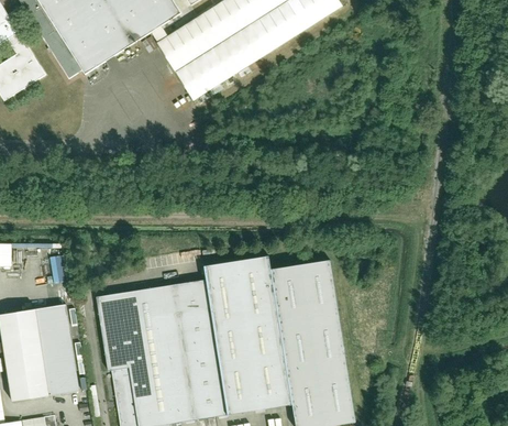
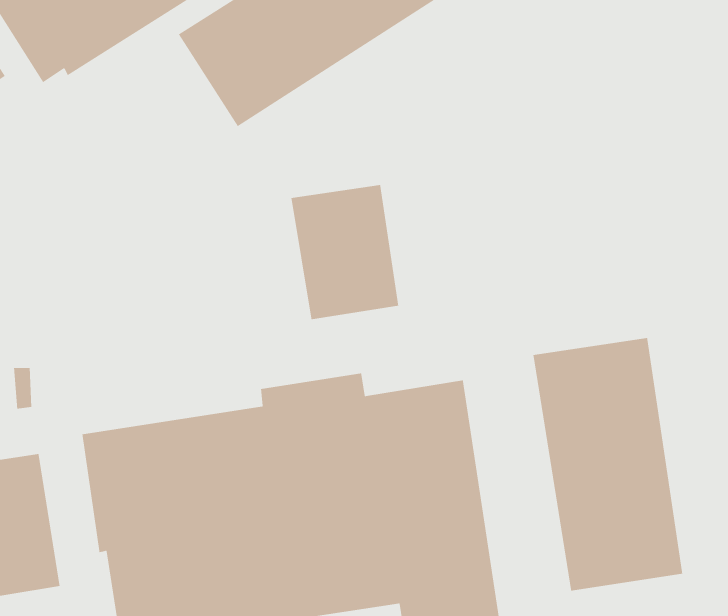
building: none -> [290,184,399,320]
building: none -> [533,337,683,592]

